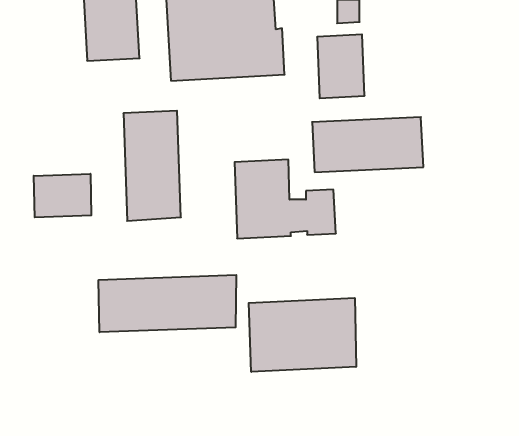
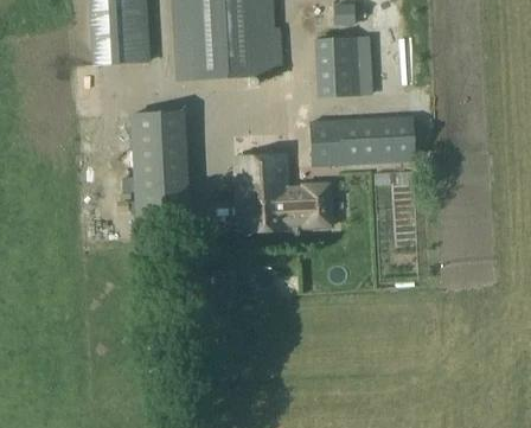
building: [34,174,91,217] -> none
building: [99,275,236,332] -> none
building: [249,298,356,372] -> none

